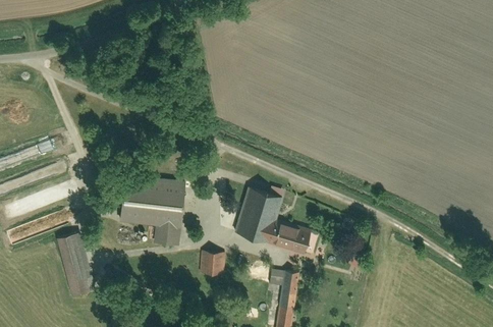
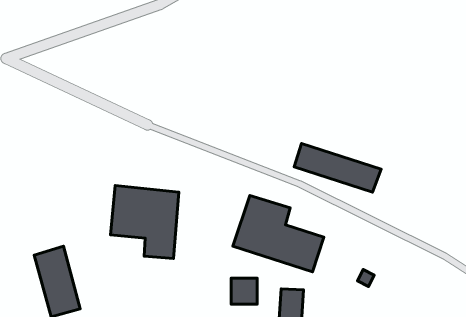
building: none -> [294,144,381,192]
building: [198,253,221,276] -> [231,278,257,304]

